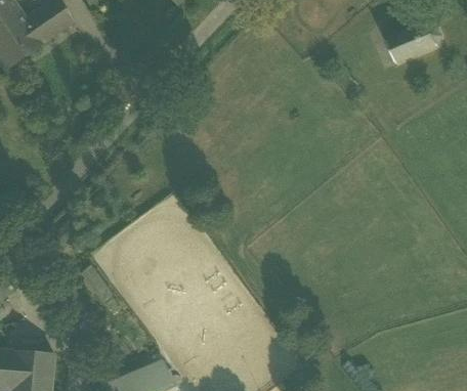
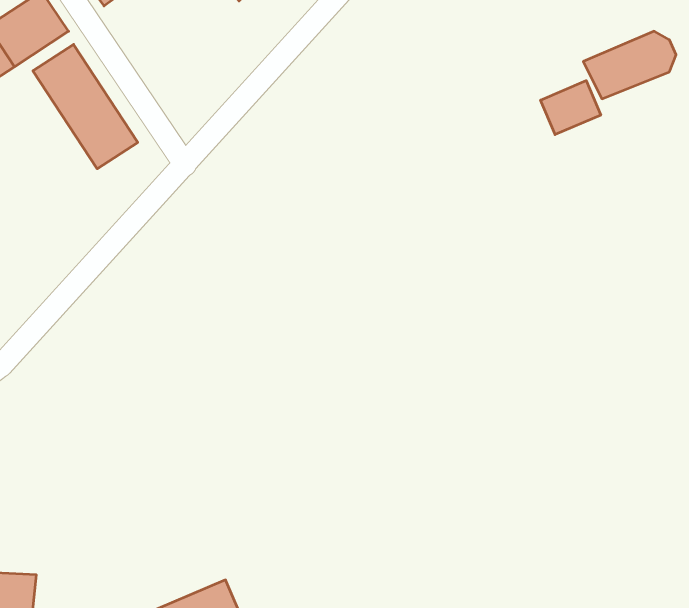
building: none -> [33,44,138,169]
building: none -> [541,81,601,135]

